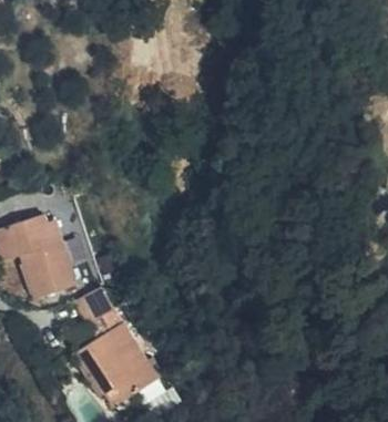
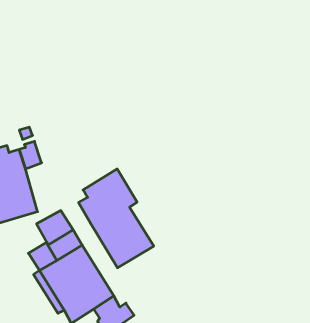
building: none -> [79,169,154,268]

